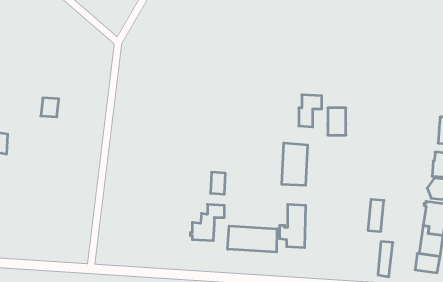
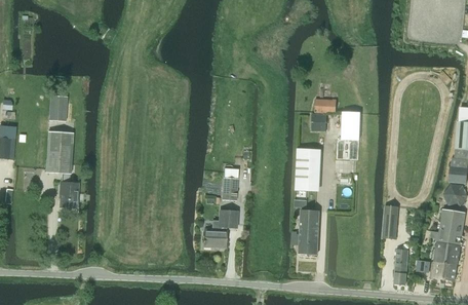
building: none -> [45,131,78,207]
building: [228,226,277,252] -> none

